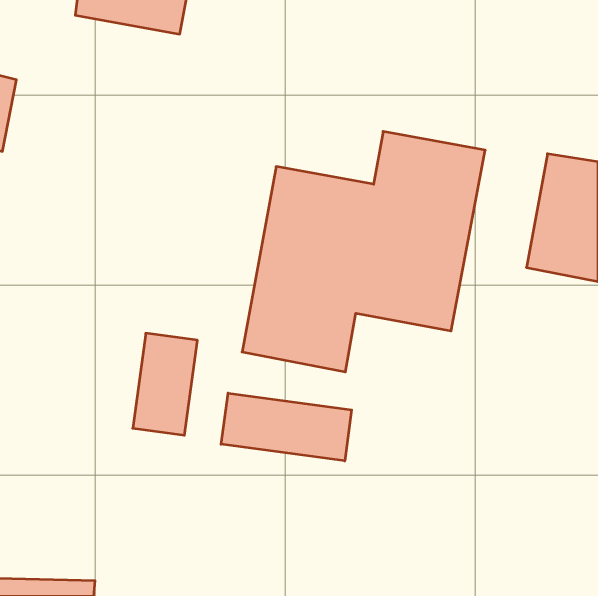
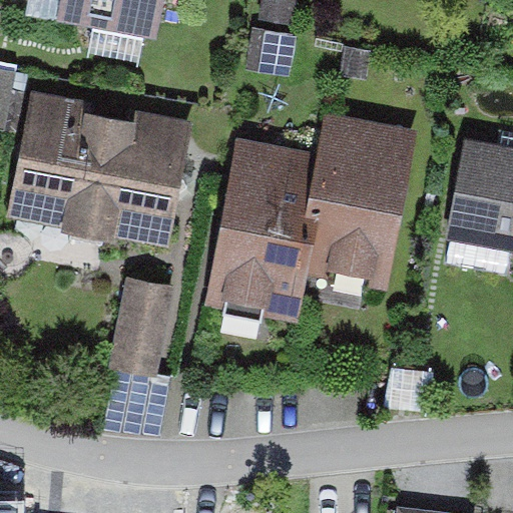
building: none -> [10,101,187,245]
building: [221,393,352,461] -> none

